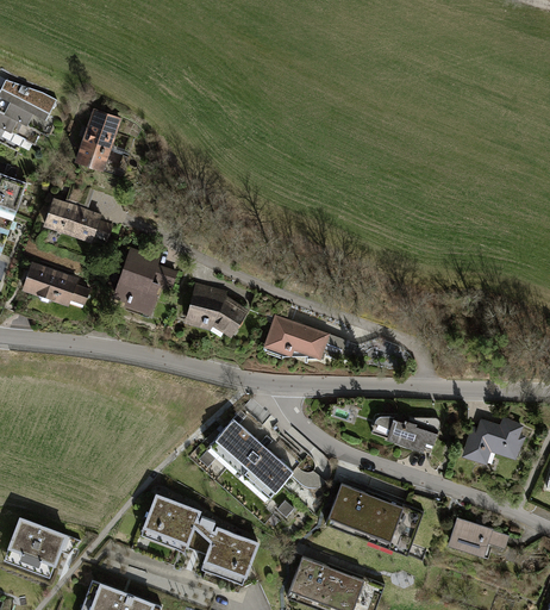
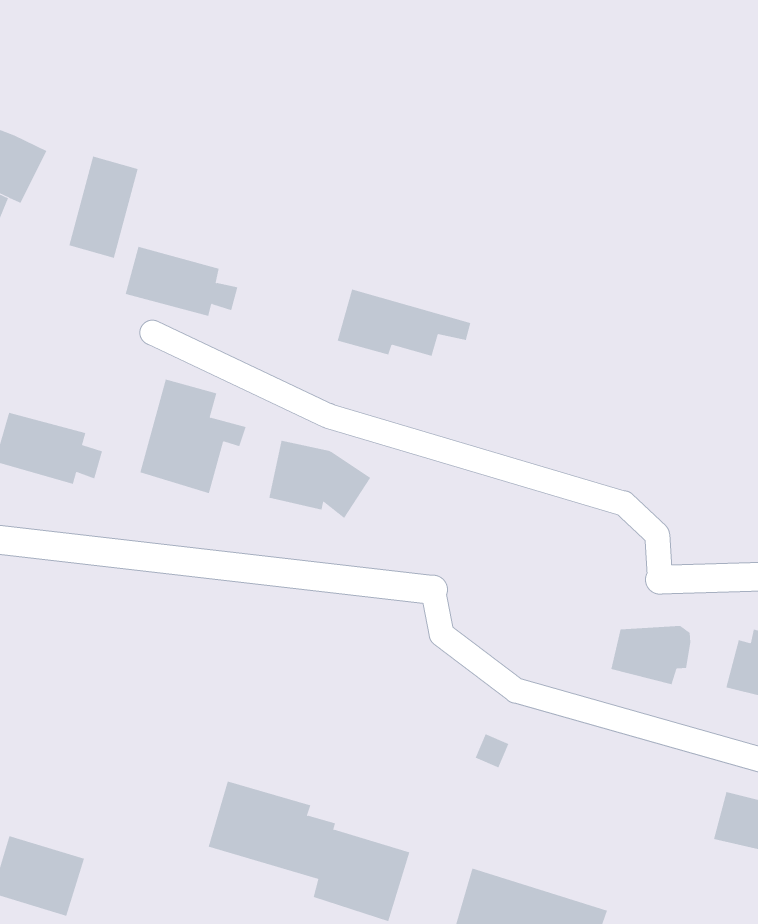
building: [43,198,112,243] -> [125,246,238,316]
building: [265,315,348,359] -> [337,289,471,356]
building: [211,421,289,497] -> none
building: [321,483,418,558] -> none

